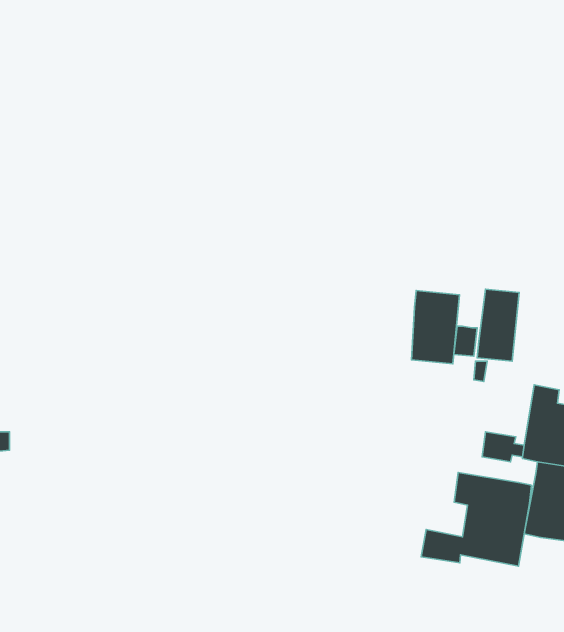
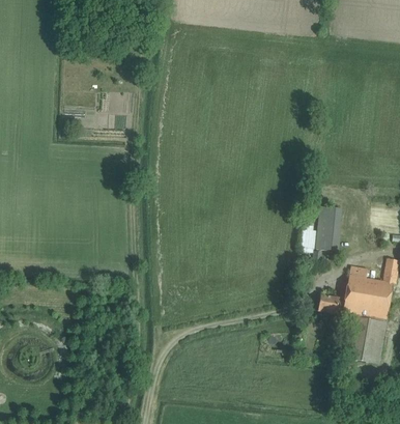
building: [411,291,459,364] -> none
building: [421,472,532,566] -> none

